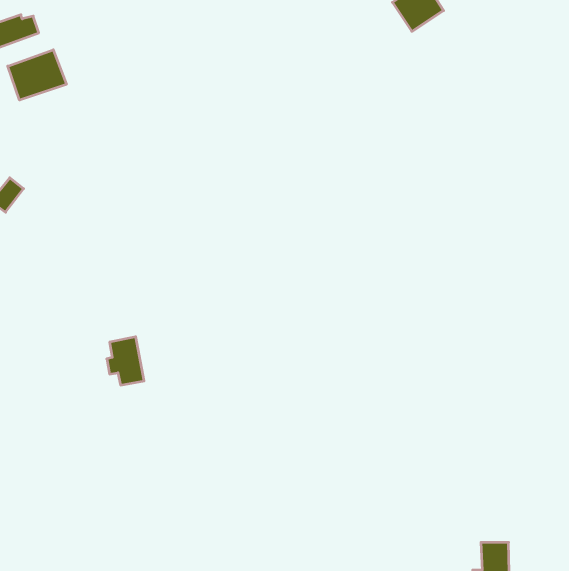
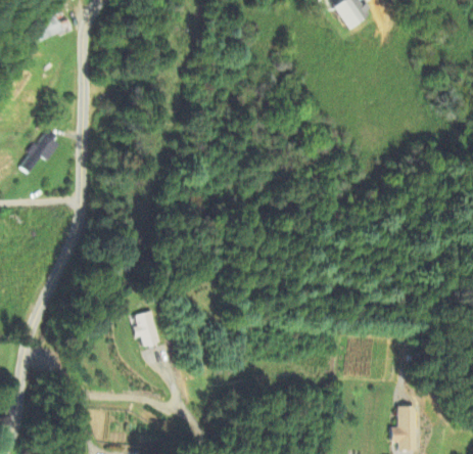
building: [8,50,66,100] -> none
building: [107,337,144,385] -> [131,310,158,346]

